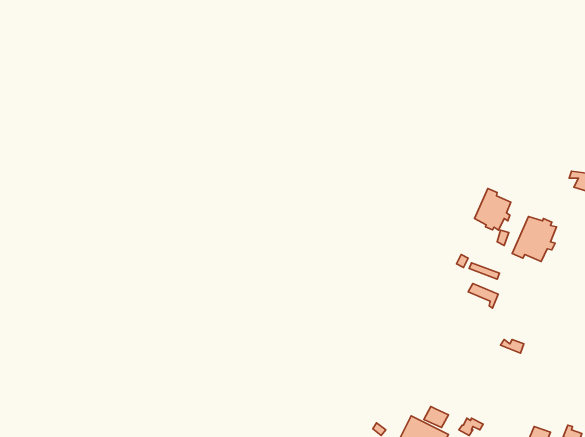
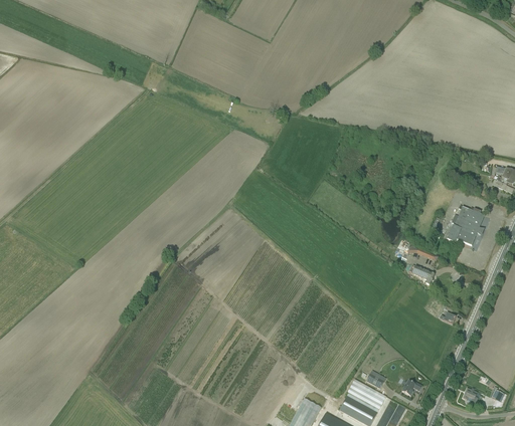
building: [475,189,511,230] -> none

